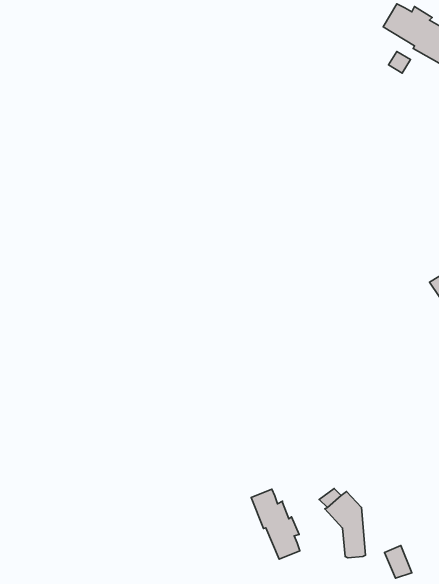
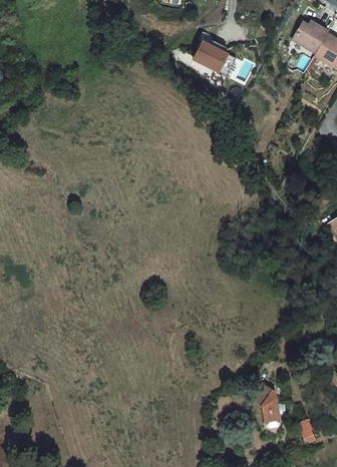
building: none -> [194,40,235,73]
building: [251,489,300,559] -> none

